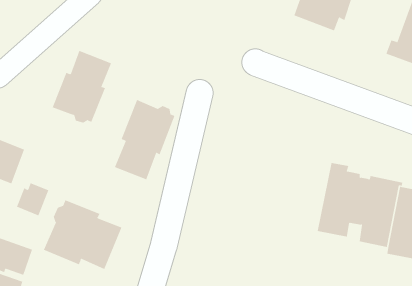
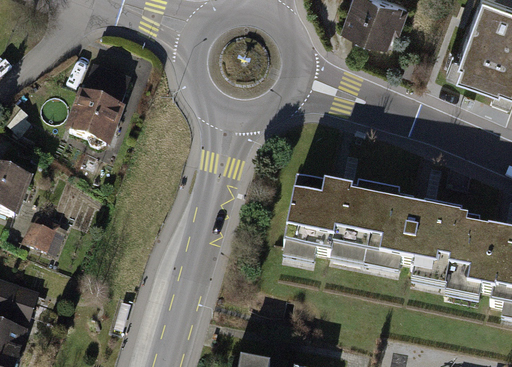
building: [114,99,175,180] -> none
building: none -> [286,179,383,268]
building: [43,199,122,270] -> none

